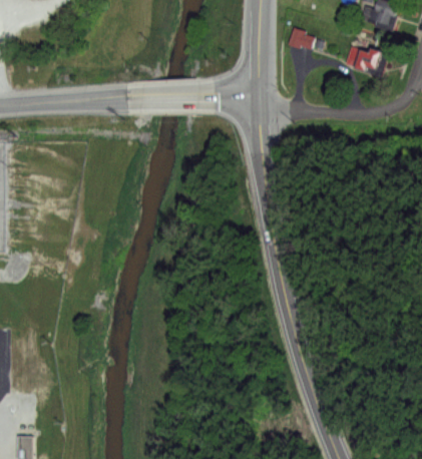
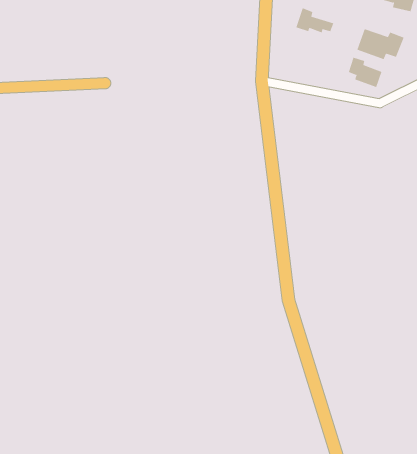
building: none -> [348,57,382,88]

